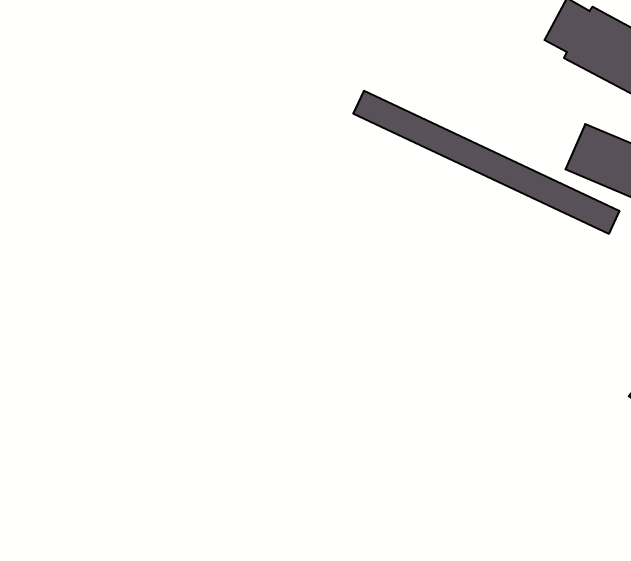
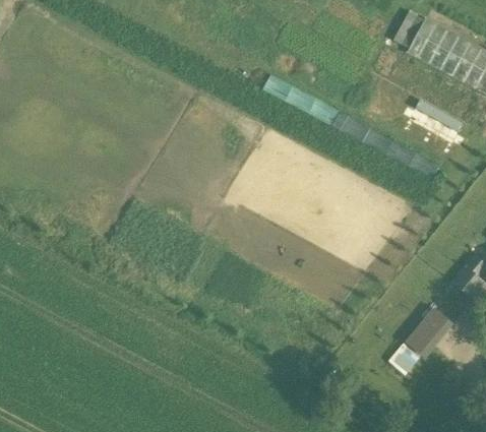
building: none -> [390,307,447,374]

